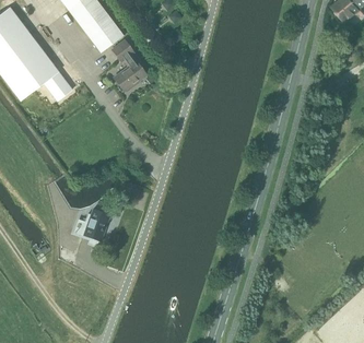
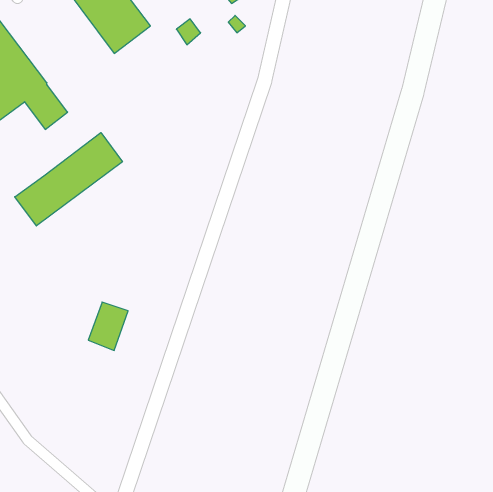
building: [113,40,146,91] -> none
building: none -> [15,133,122,226]

